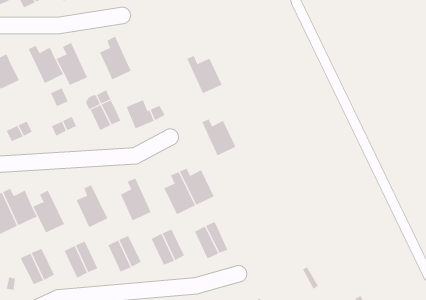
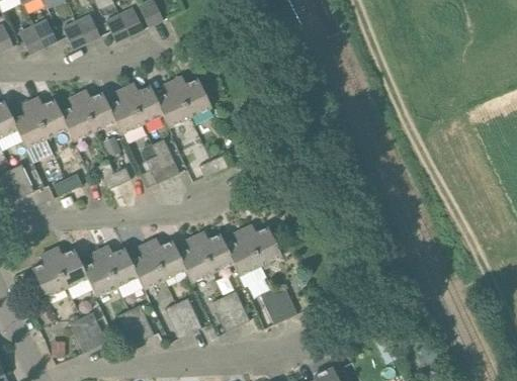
building: none -> [124,82,163,124]
building: none -> [60,93,95,140]
building: [187,55,223,94] -> [173,75,212,117]
building: [201,118,242,159] -> [195,230,240,275]
building: none -> [147,236,191,282]
building: none -> [99,244,144,289]

